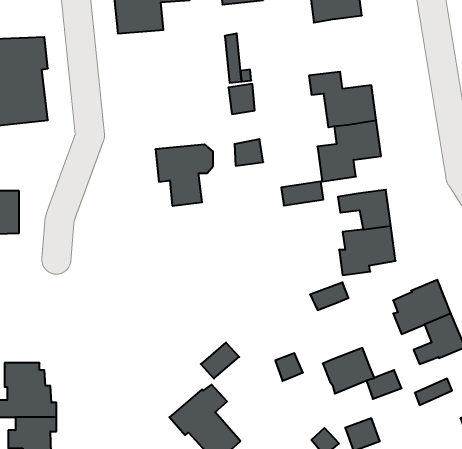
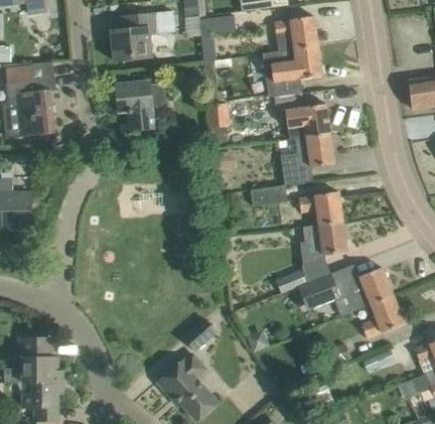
building: none -> [262,45,322,97]
building: [155,144,213,206] -> [116,81,164,132]
building: [323,348,374,394] -> [297,273,340,311]

